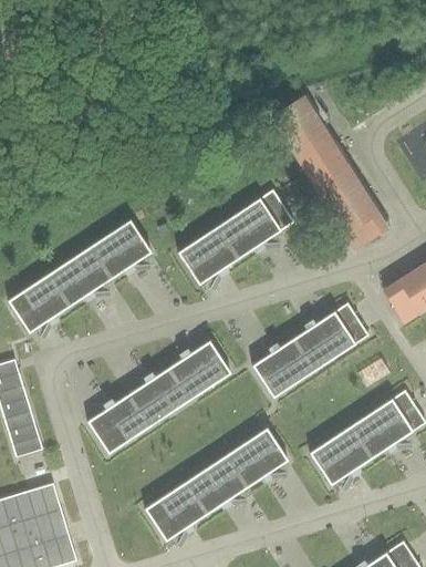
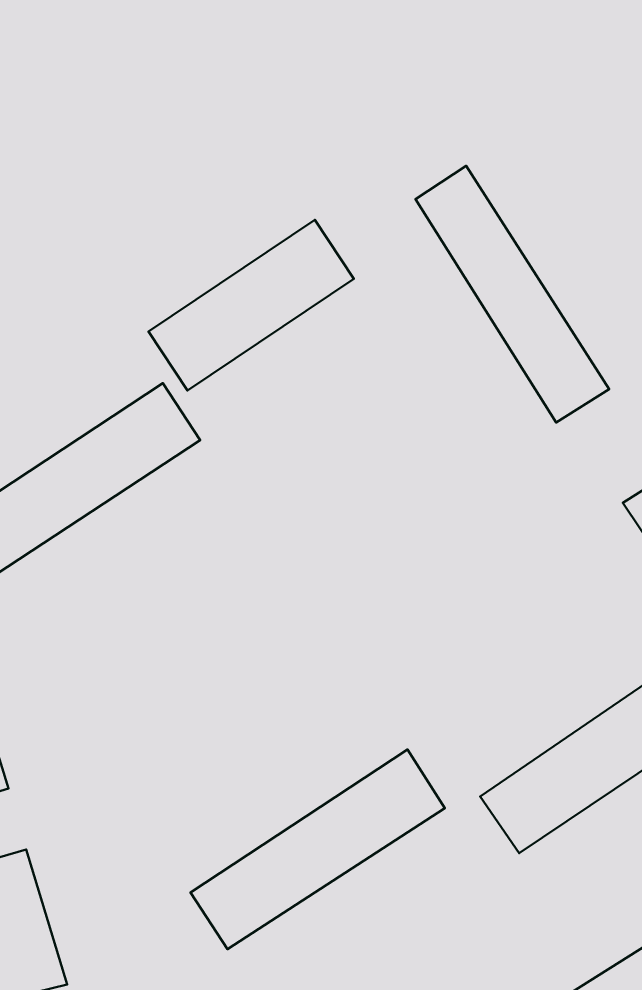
building: [177,189,293,286] -> [148,220,354,390]
building: [252,302,368,398] -> none
building: [87,341,231,454] -> none

